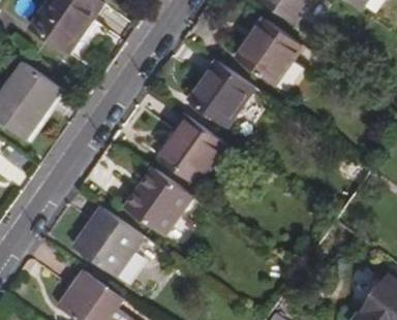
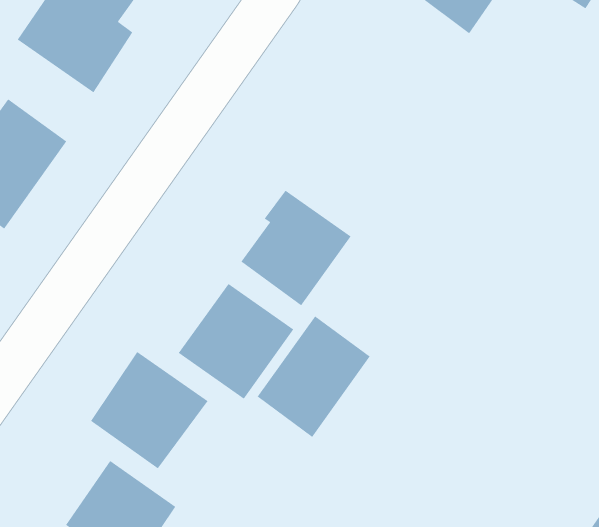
building: [236,19,302,86] -> none
building: [187,60,254,127] -> none
building: none -> [257,315,371,438]

